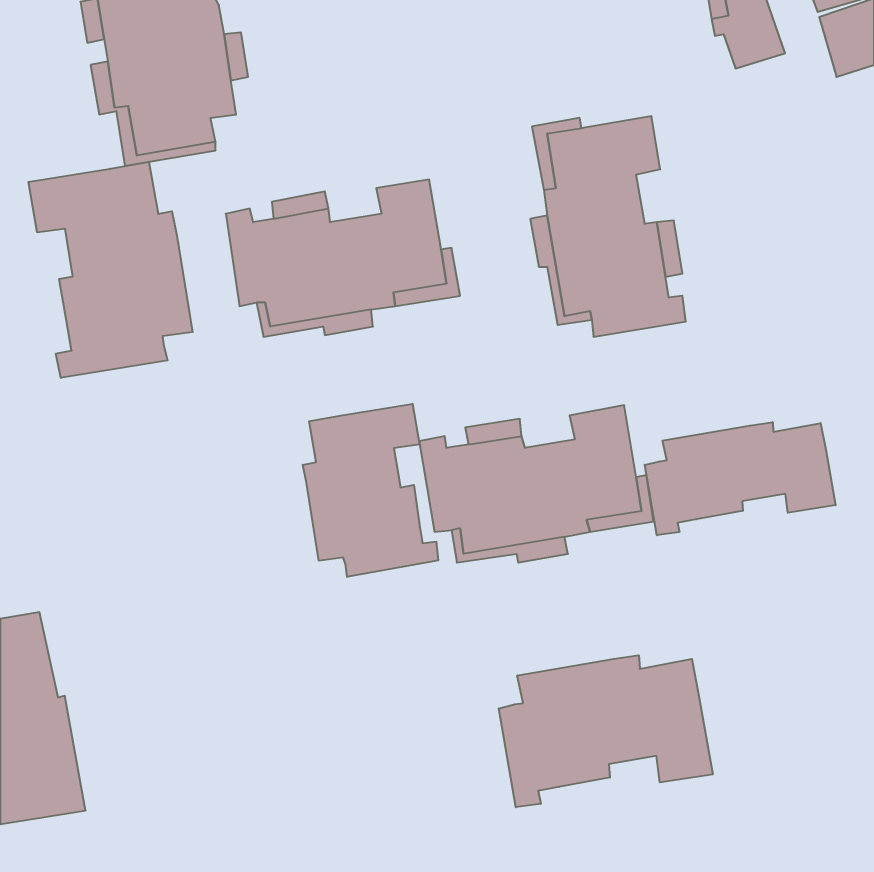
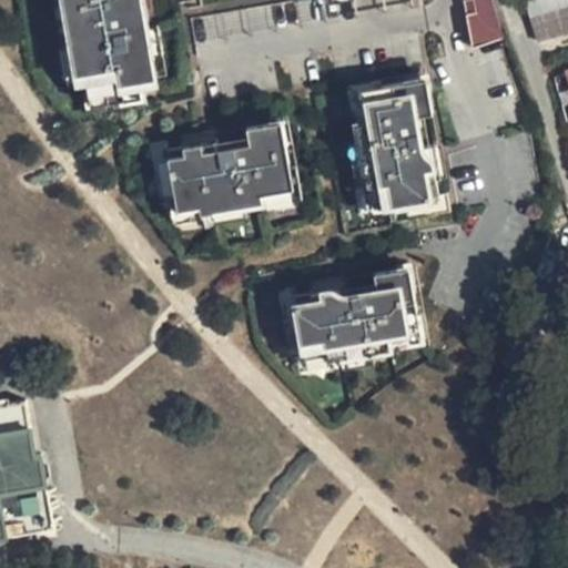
building: [28,162,193,378] -> none
building: [303,404,438,577] -> none
building: [645,422,836,535] -> none
building: [499,655,713,807] -> none

